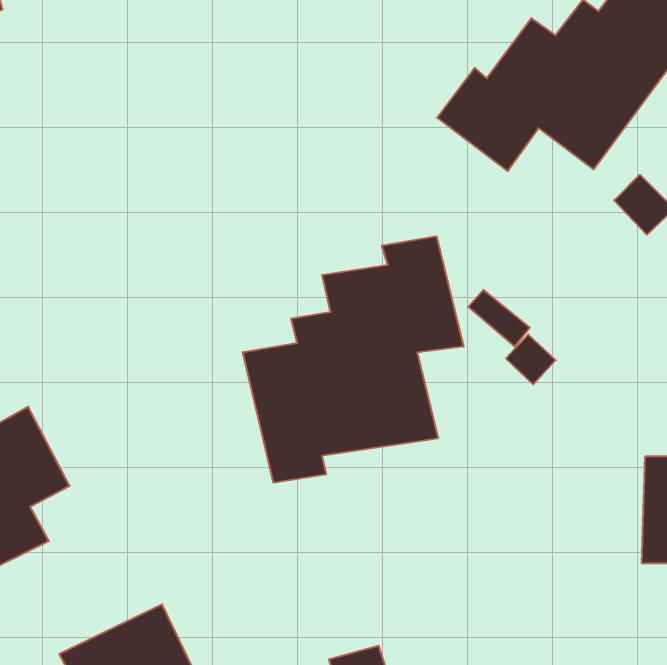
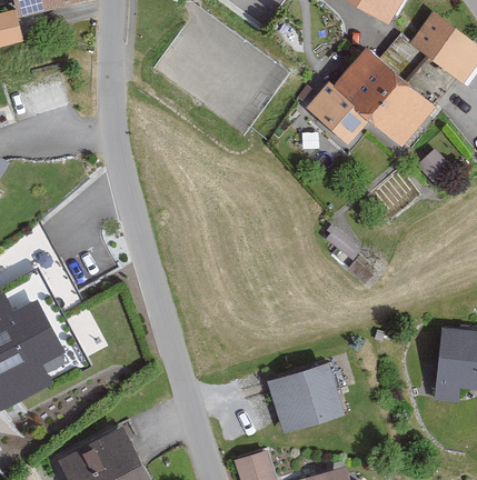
building: [243,236,464,483] -> none
building: none -> [266,364,346,436]

